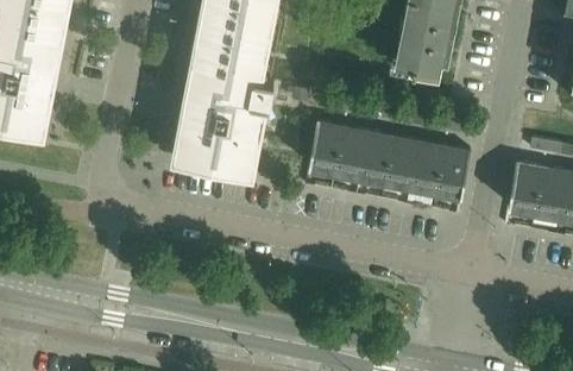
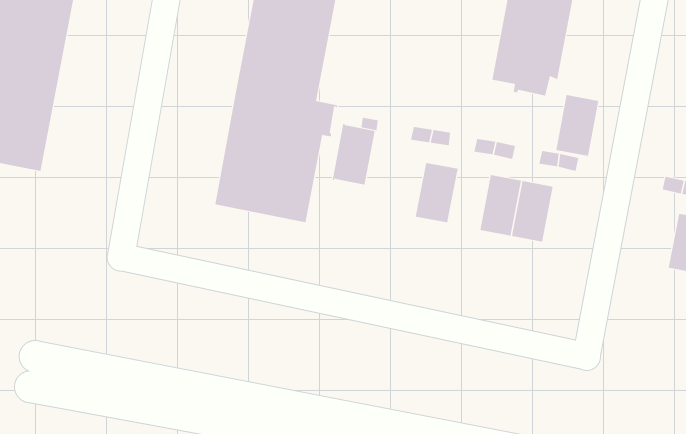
building: [308,127,342,176] -> [332,123,376,185]
building: [360,138,393,187] -> none
building: [435,152,470,202] -> [555,94,599,158]
building: [508,168,542,216] -> none

